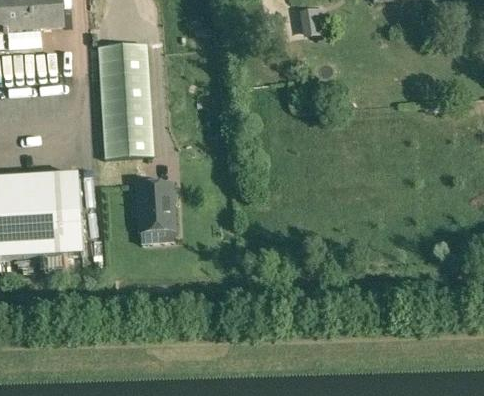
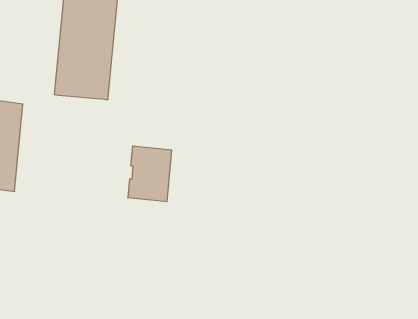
building: [136,183,175,232] -> [128,146,172,201]

